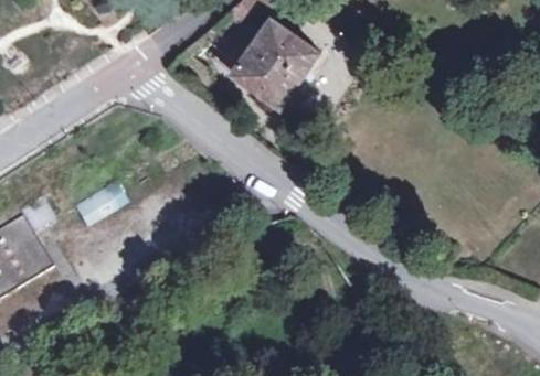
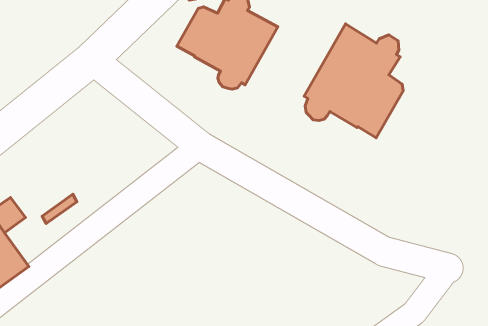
building: none -> [304,24,403,138]

